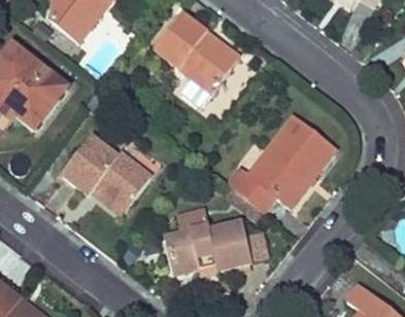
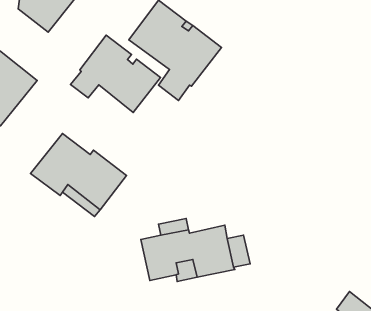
building: none -> [71,35,160,112]
building: [228,116,335,211] -> none

